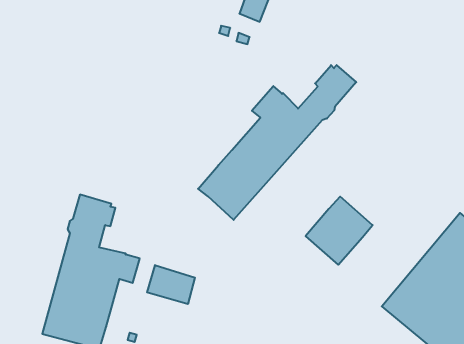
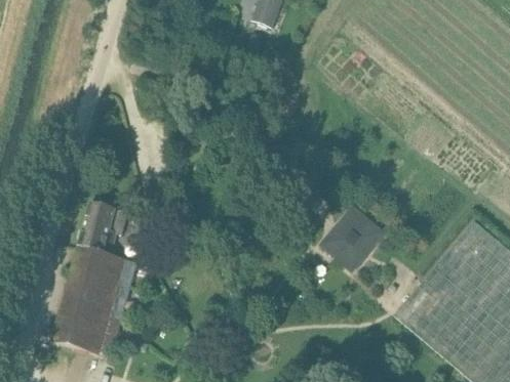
building: [198,65,356,220] -> none
building: [147,265,195,304] -> none

